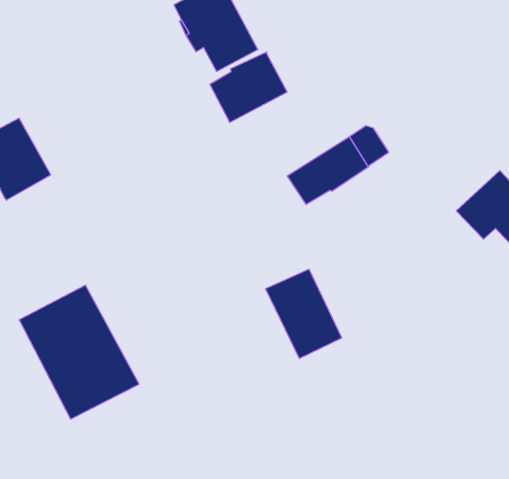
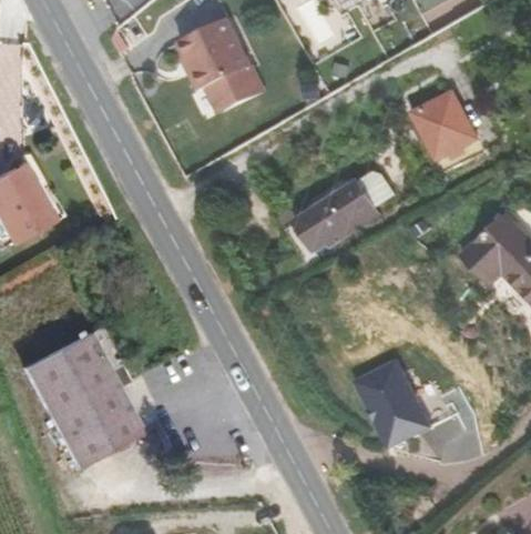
building: none -> [413,92,484,172]
building: [210,52,287,123] -> none
building: [265,269,342,359] -> [360,356,438,447]

